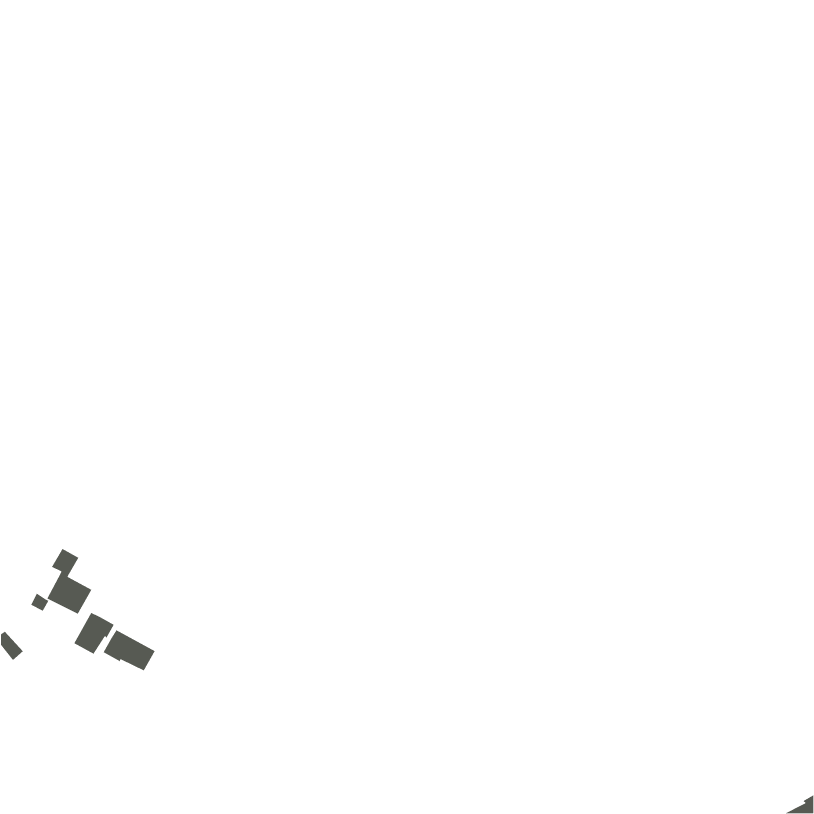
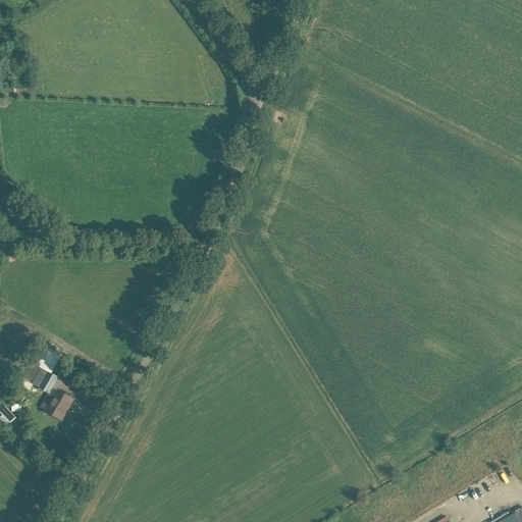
building: [103,629,156,671] -> none

